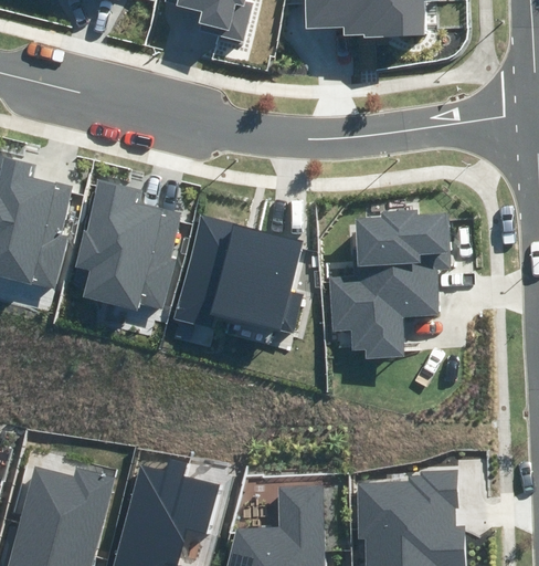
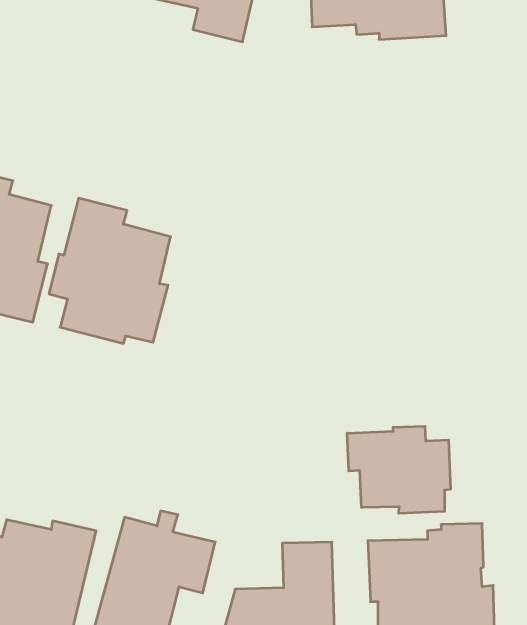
building: [327,209,450,358] -> none
building: [175,217,303,334] -> none
building: none -> [347,426,450,513]

